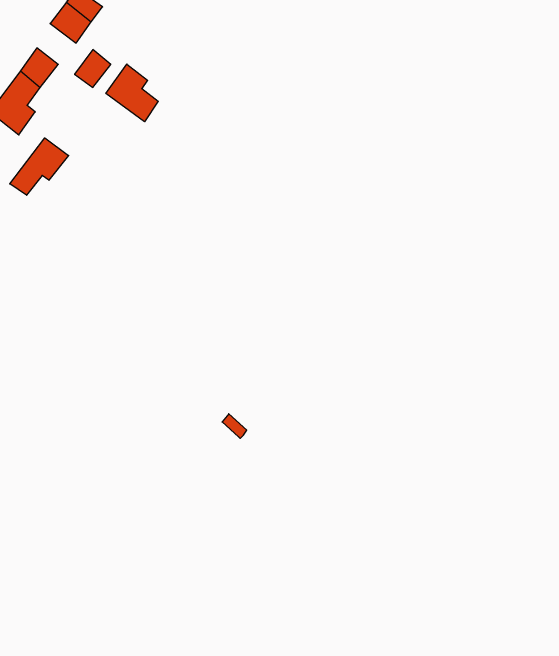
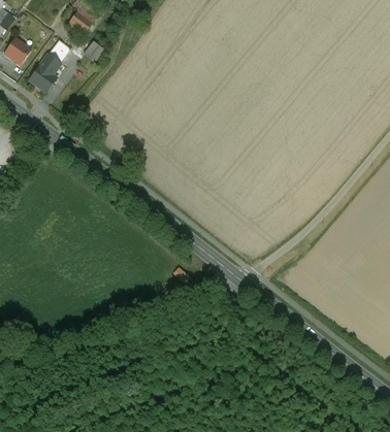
building: [106,64,158,122] -> none
building: [10,138,69,195] -> none

